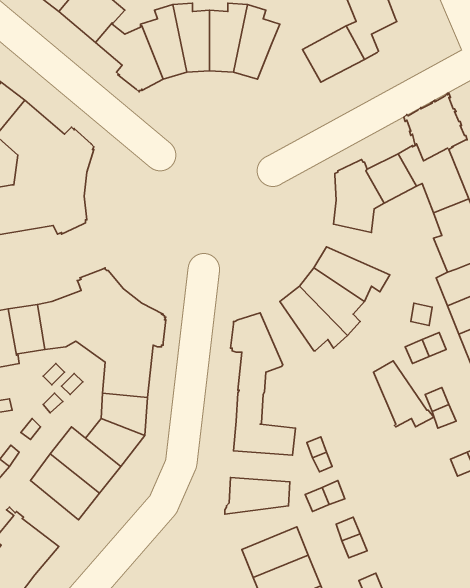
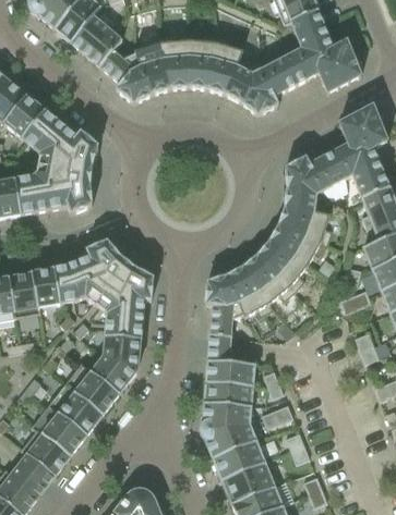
building: none -> [313,39,361,94]
building: none -> [225,65,278,113]
building: none -> [278,205,332,244]
building: [373,361,434,427] -> [227,265,274,316]
building: none -> [204,380,252,404]
building: none -> [33,403,86,454]
building: none -> [200,422,255,456]

